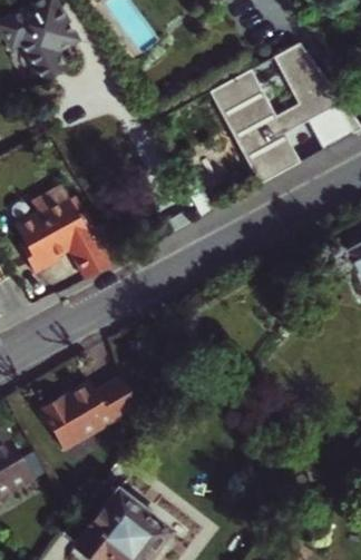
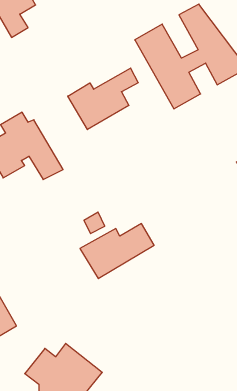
building: none -> [68,68,138,130]
building: [40,380,139,453] -> [80,224,154,279]

